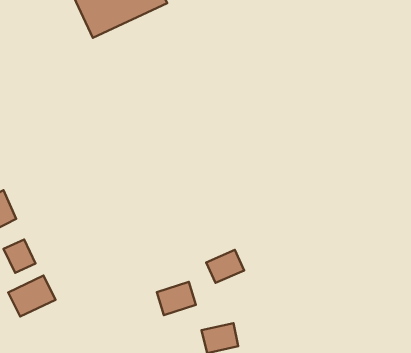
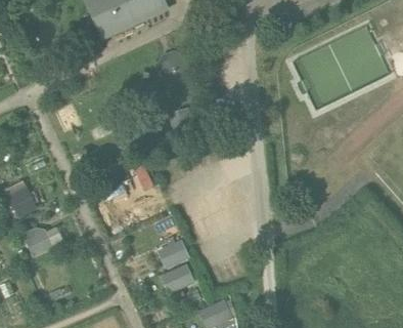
building: [206,250,244,283] -> [155,238,189,268]
building: [8,276,56,317] -> none

